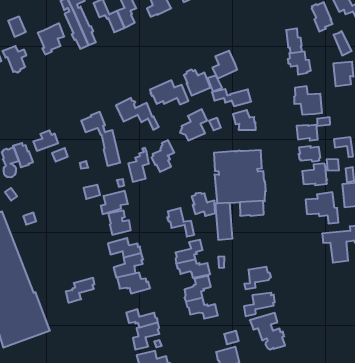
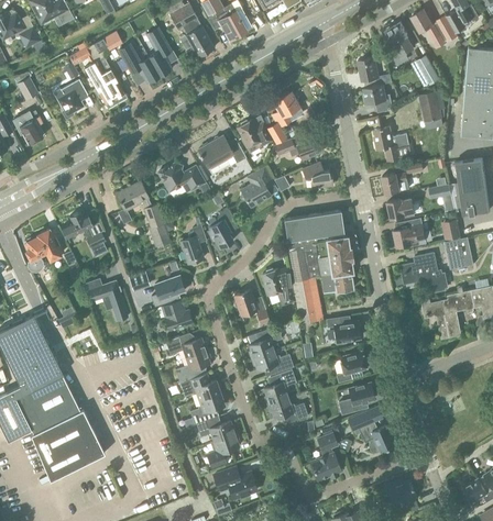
building: none -> [86,279,128,320]
building: none -> [327,317,362,344]
building: [66,278,94,303] -> [190,391,224,424]

